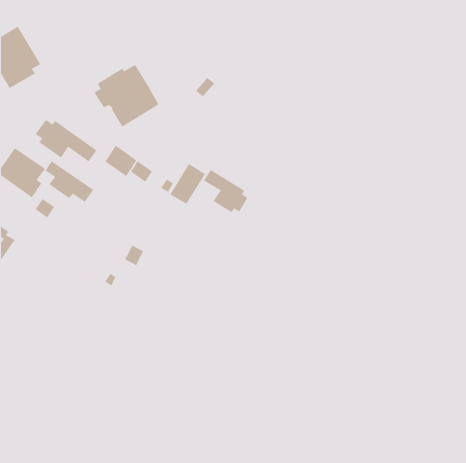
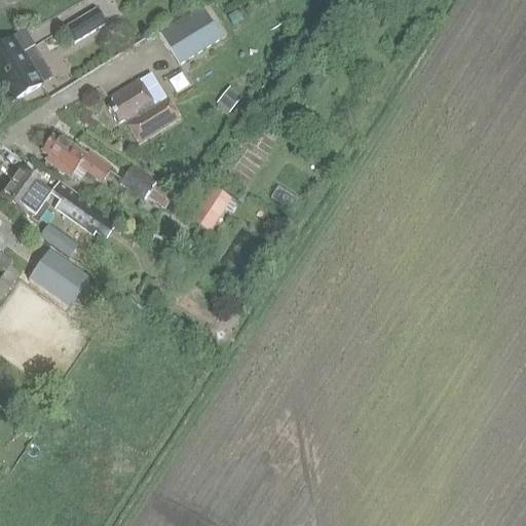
building: none -> [65,5,106,40]
building: none -> [160,5,222,63]
building: [203,169,248,213] -> none
building: none -> [30,248,91,307]

